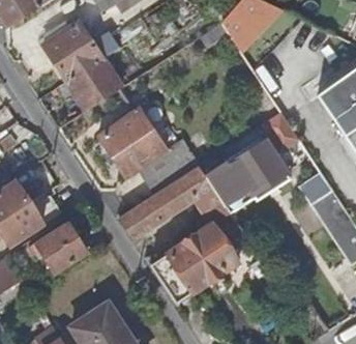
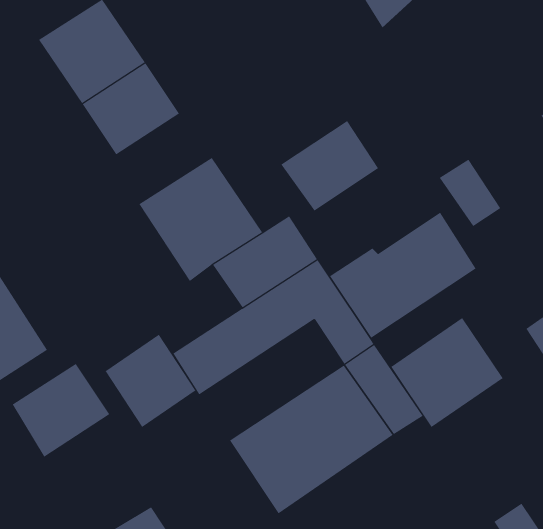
building: none -> [280,120,379,212]
building: none -> [391,317,503,428]
building: none -> [105,334,196,428]

